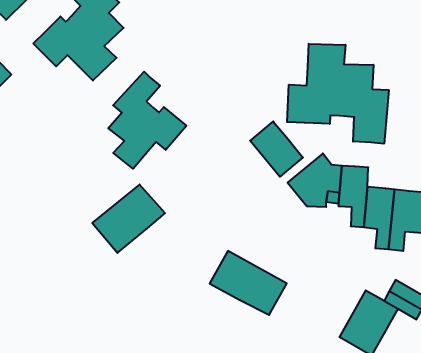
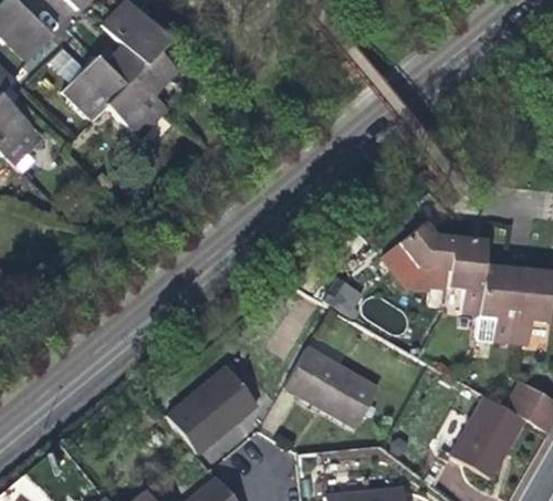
building: [287,44,389,144] -> none
building: [108,72,186,169] -> none
building: [250,121,303,177] -> none
building: [92,184,165,253] -> [166,367,258,453]

